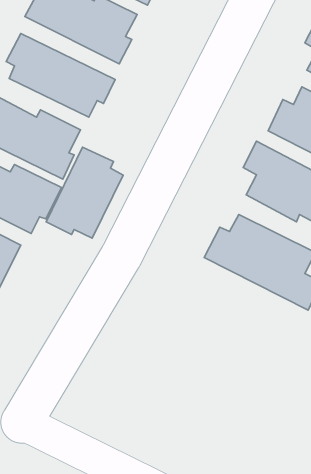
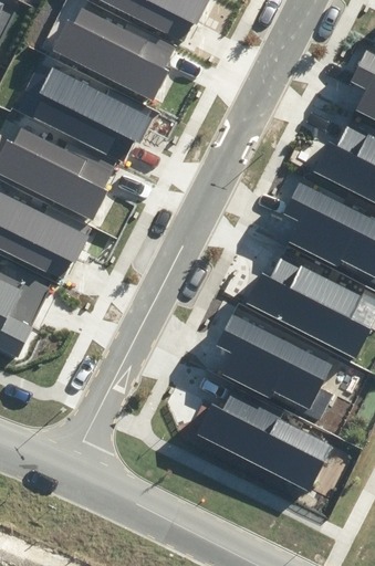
building: [46,147,123,238] -> none
building: none -> [217,314,327,407]
building: none -> [195,387,329,488]

